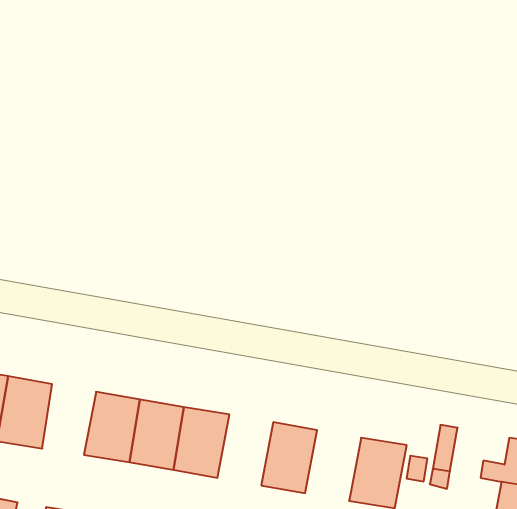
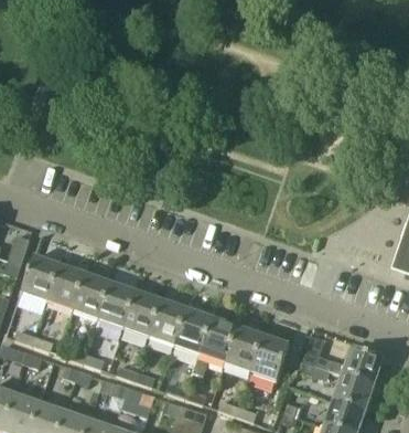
building: none -> [71,273,108,318]
building: none -> [172,308,211,353]
building: none -> [223,326,261,371]

